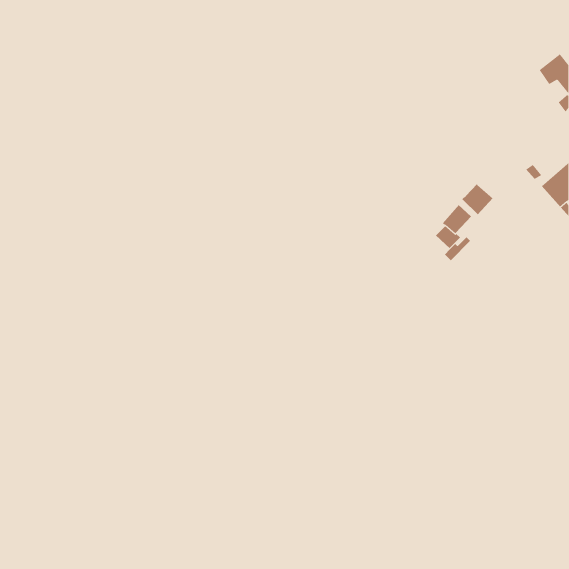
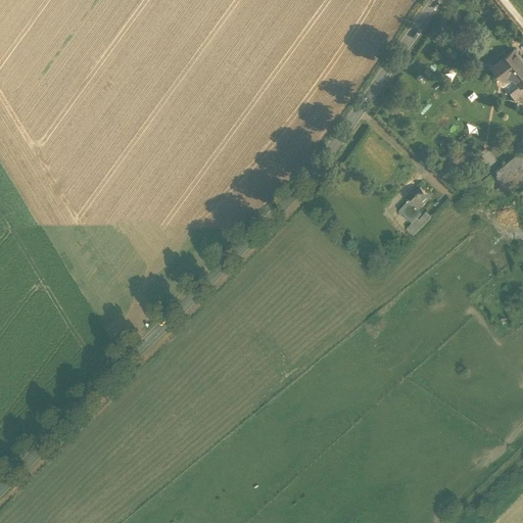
building: [461,183,493,215] -> none

